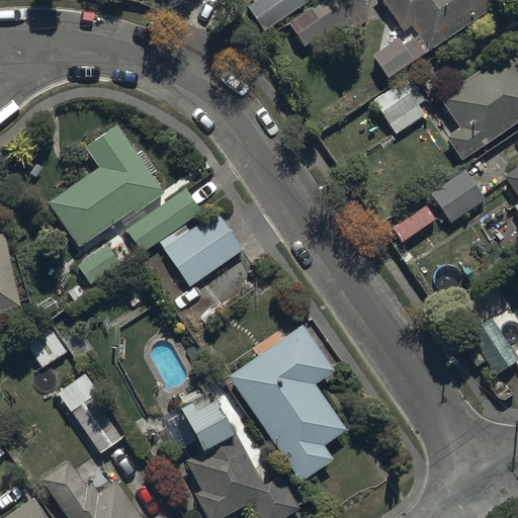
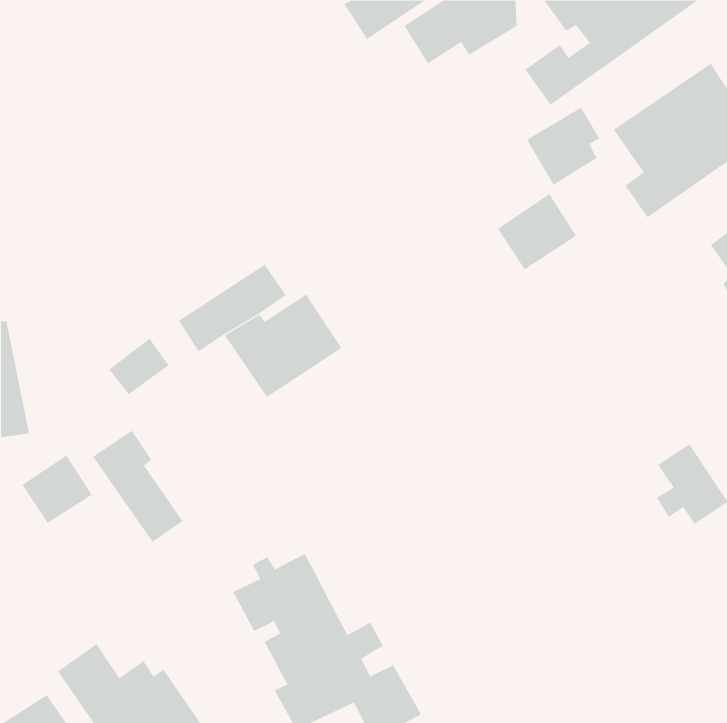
building: [51,125,167,246] -> none
building: [429,169,486,224] -> [497,193,577,270]
building: [229,324,349,482] -> none
building: [59,374,123,454] -> [92,430,183,543]

